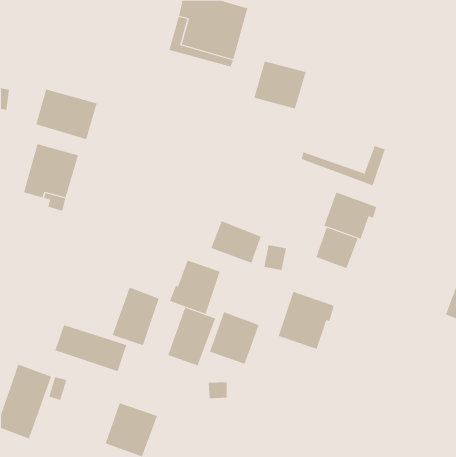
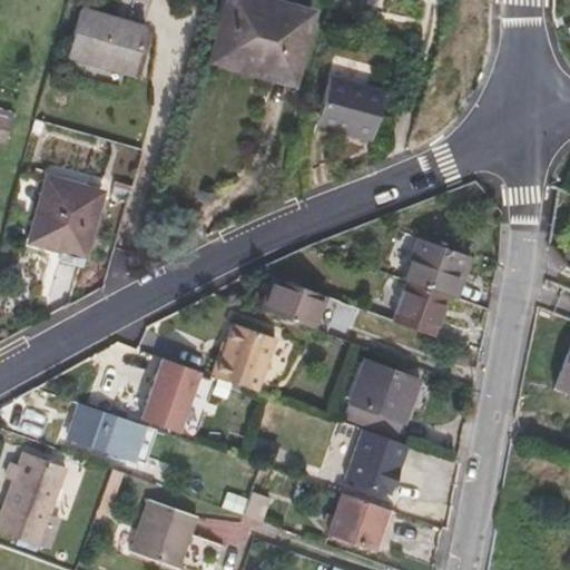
building: [36,89,97,140] -> [69,10,146,73]
building: [301,145,386,186] -> none
building: [168,307,216,366] -> none
building: [209,311,259,364] -> [343,428,405,493]
building: none -> [331,493,386,546]

